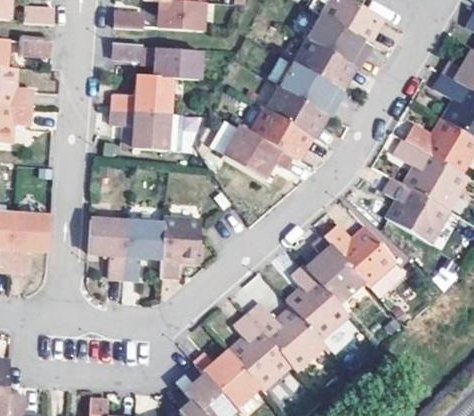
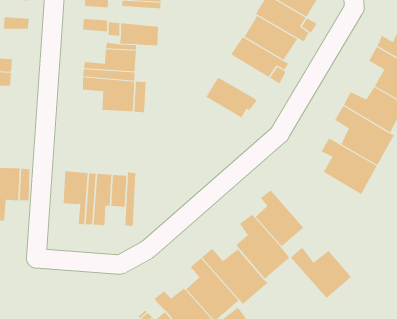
building: [267,85,322,133] -> none
building: [208,116,293,178] -> none
building: [170,218,199,280] -> none
building: [326,225,396,284] -> [290,247,352,299]

